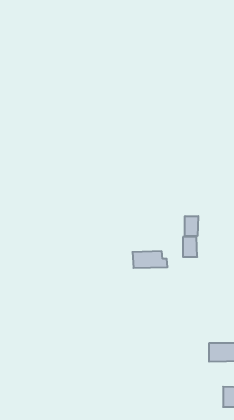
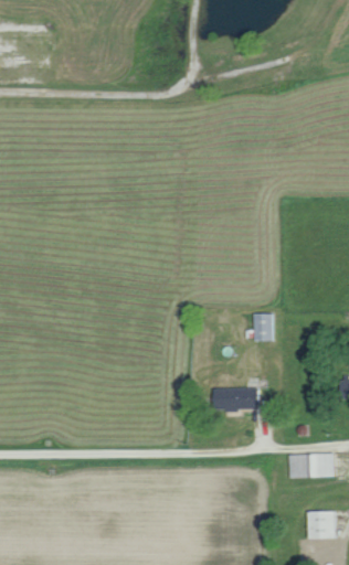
building: [185,216,198,236] -> none
building: [132,251,168,268] -> [212,387,258,409]

